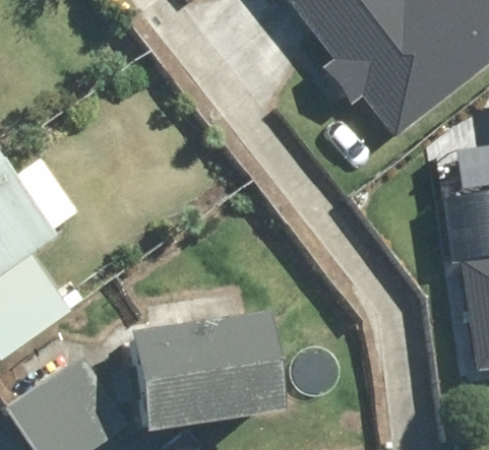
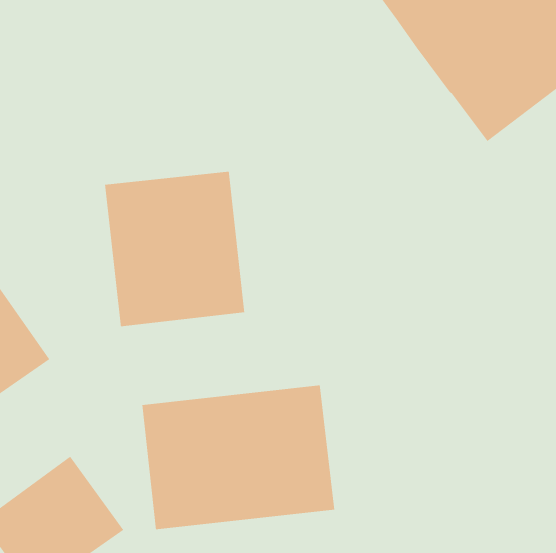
building: none -> [104,171,245,327]

